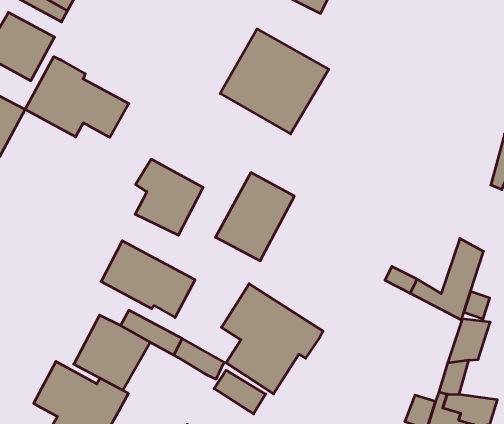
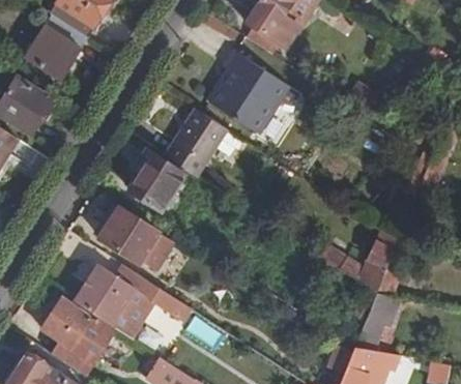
building: [25,57,129,137] -> none
building: [215,173,294,261] -> [166,108,229,176]
building: [221,284,323,394] -> none
building: none -> [112,288,156,336]

